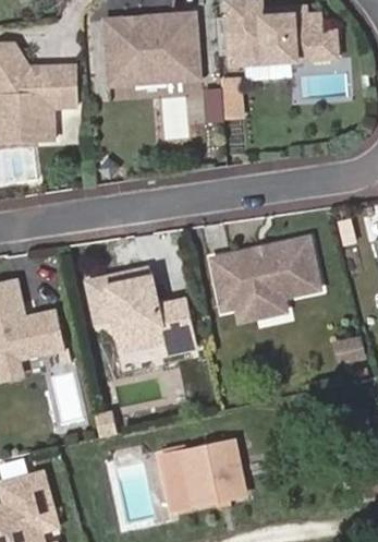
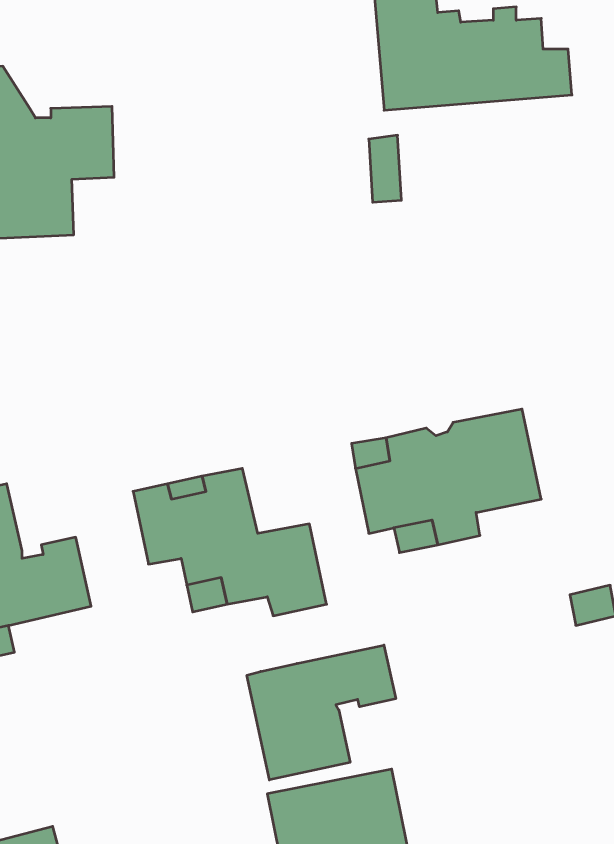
building: [105,12,198,83] -> none
building: none -> [247,645,396,780]

